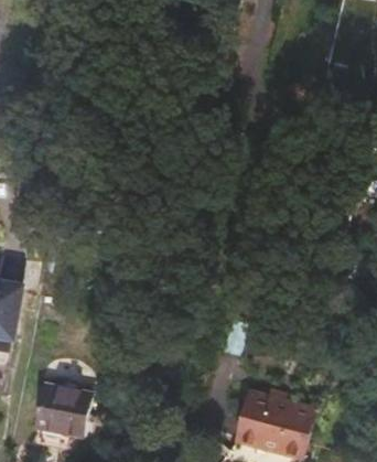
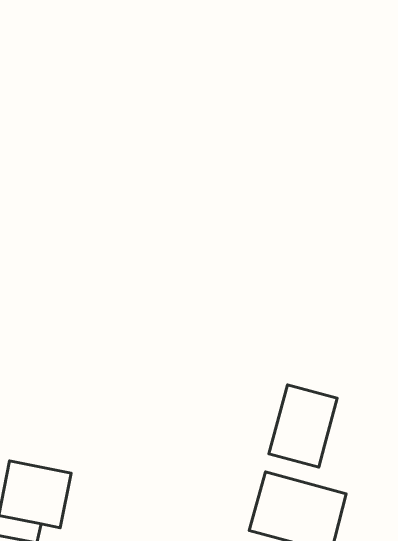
building: none -> [269,385,337,467]

